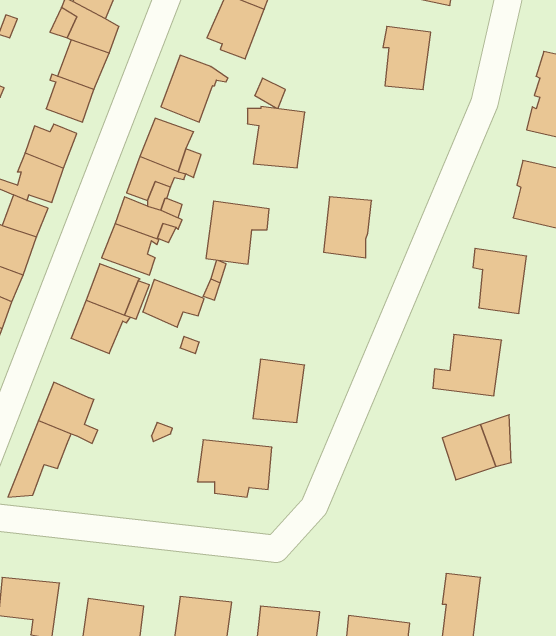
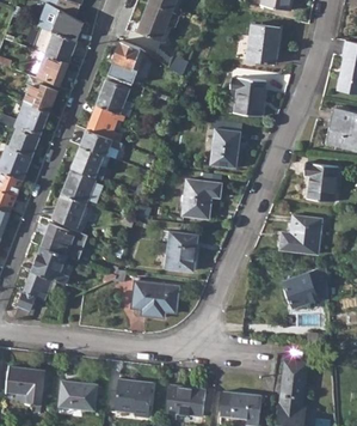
building: [247,107,305,168] -> [229,78,265,116]
building: [206,201,269,264] -> [181,181,221,220]
building: [143,279,204,327] -> [42,226,80,256]

